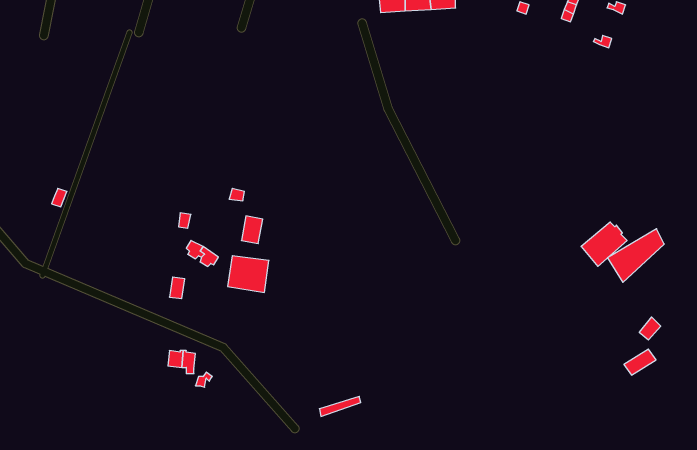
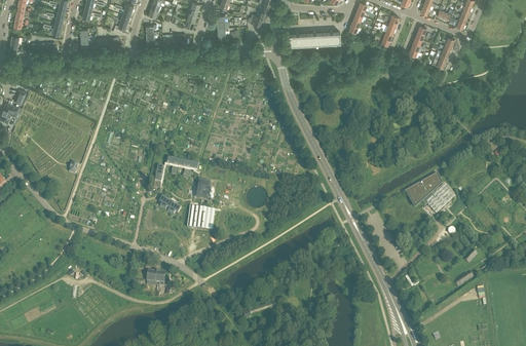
building: [608,229,664,282] -> [405,172,443,208]

